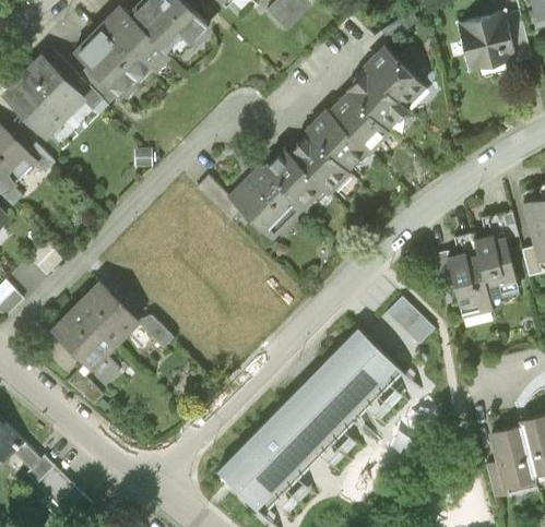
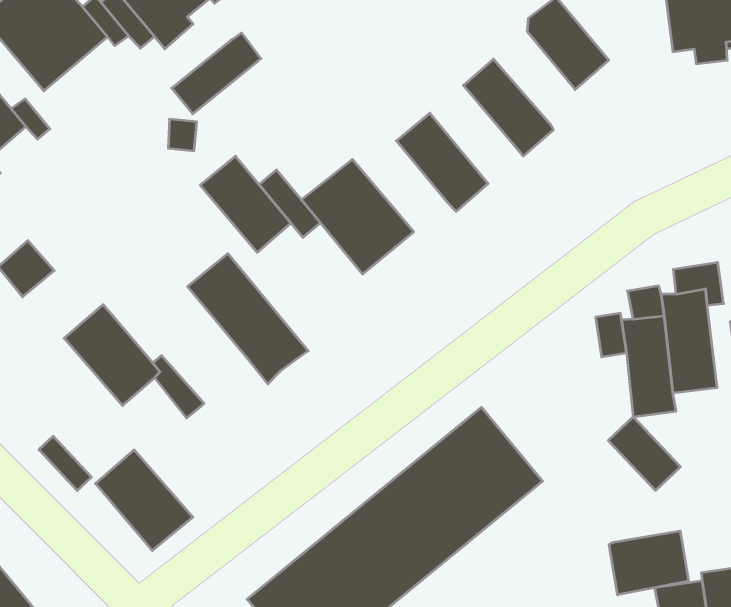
building: [347,69,410,130] -> none
building: none -> [172,33,261,114]
building: [306,107,370,171] -> none
building: [262,147,325,211] -> [200,156,291,252]
building: none -> [188,254,308,384]
building: [387,297,437,345] -> [608,417,680,490]
building: [52,304,120,371] -> [95,450,193,551]
building: none -> [609,531,689,595]

